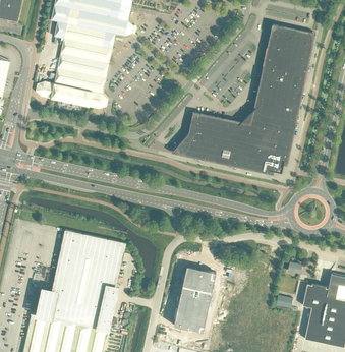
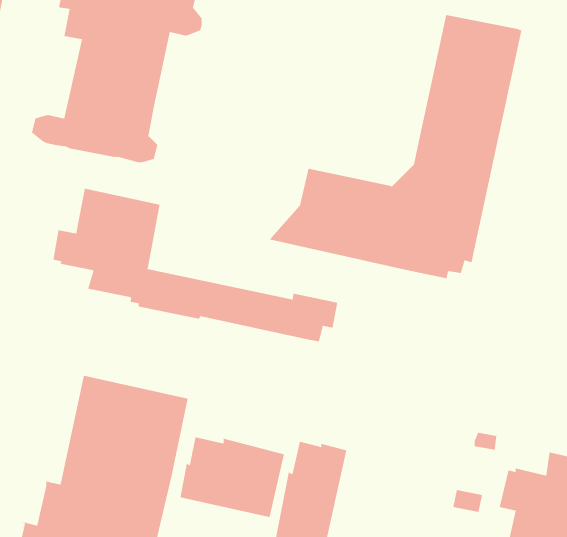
building: none -> [53,188,338,342]
building: none -> [180,436,285,518]

